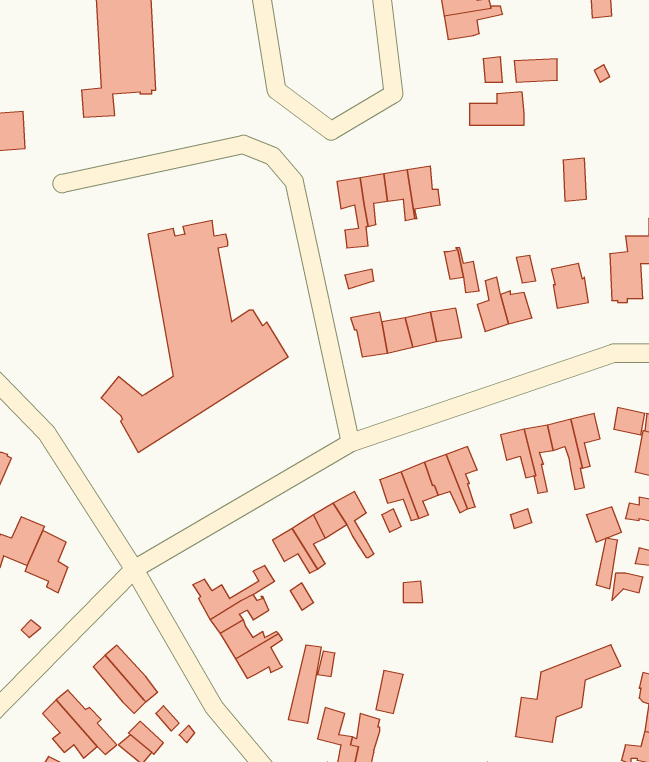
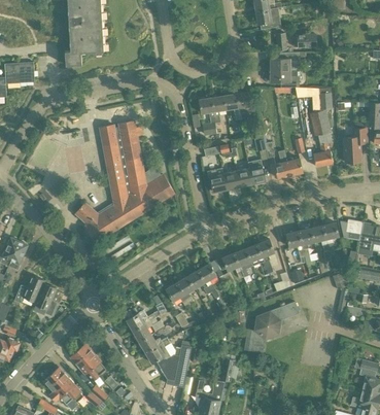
building: none -> [269,70,298,89]
building: none -> [308,110,330,137]
building: [515,645,621,742] -> [243,302,299,353]
building: none -> [156,345,182,384]

